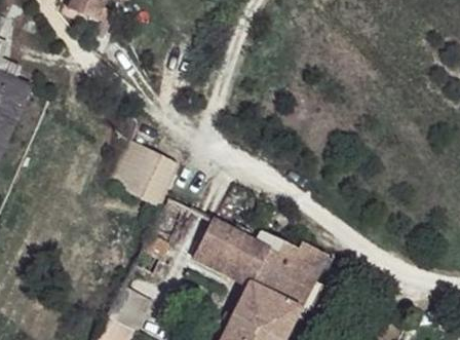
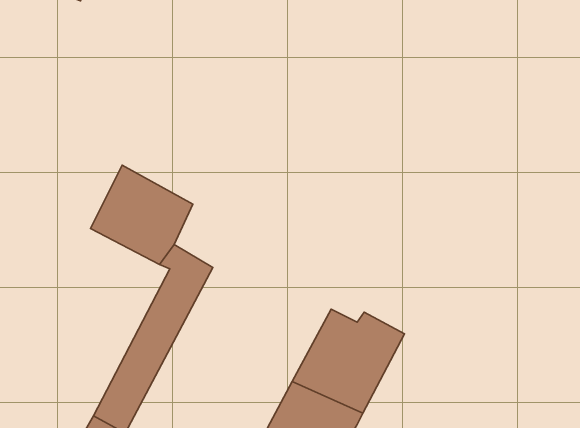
building: [192,219,276,290] -> none

